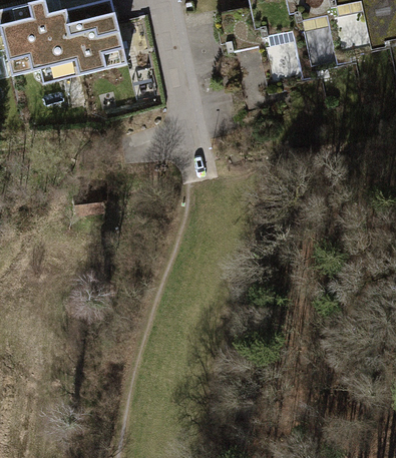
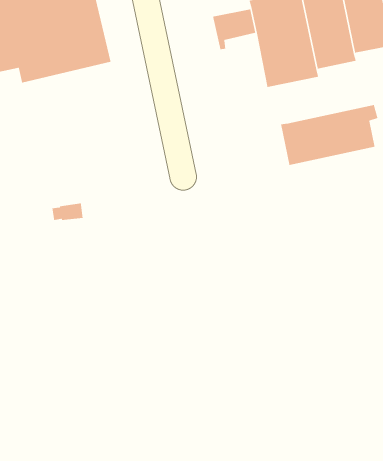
building: none -> [280,104,378,166]

